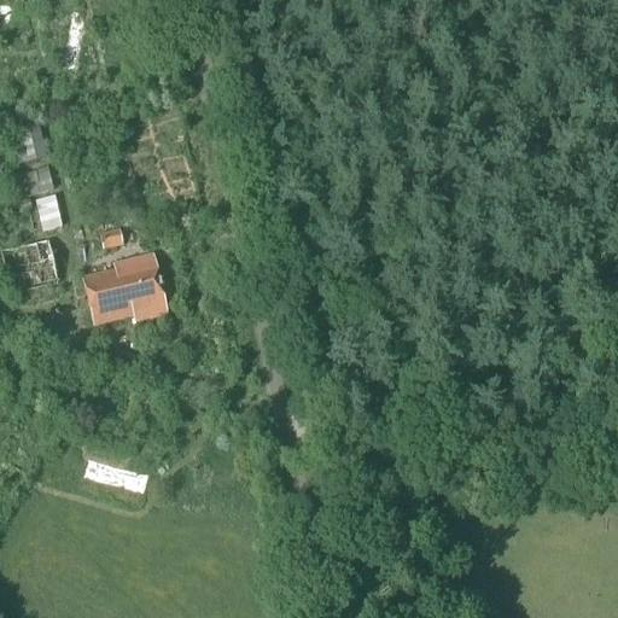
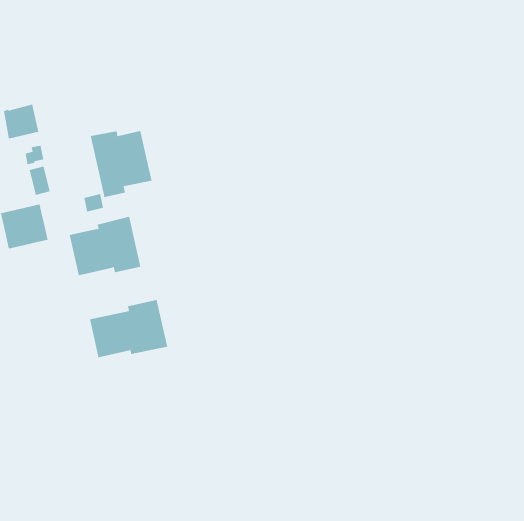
building: none -> [90,130,152,198]
building: none -> [89,299,168,358]

